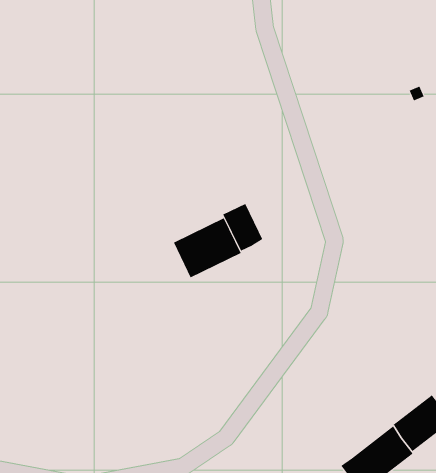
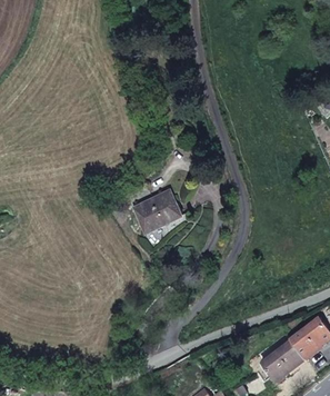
building: [223,203,264,252] -> none

